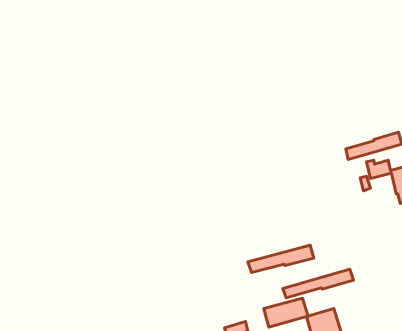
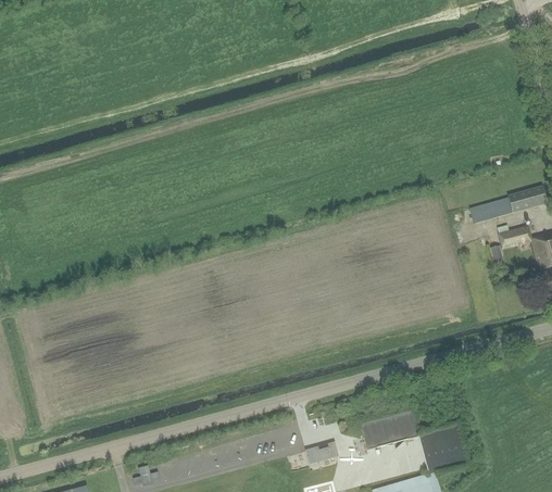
building: [248,245,314,273] -> none
building: [283,269,353,298] -> none

